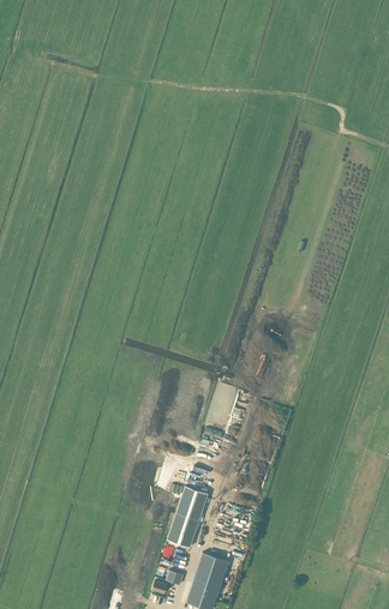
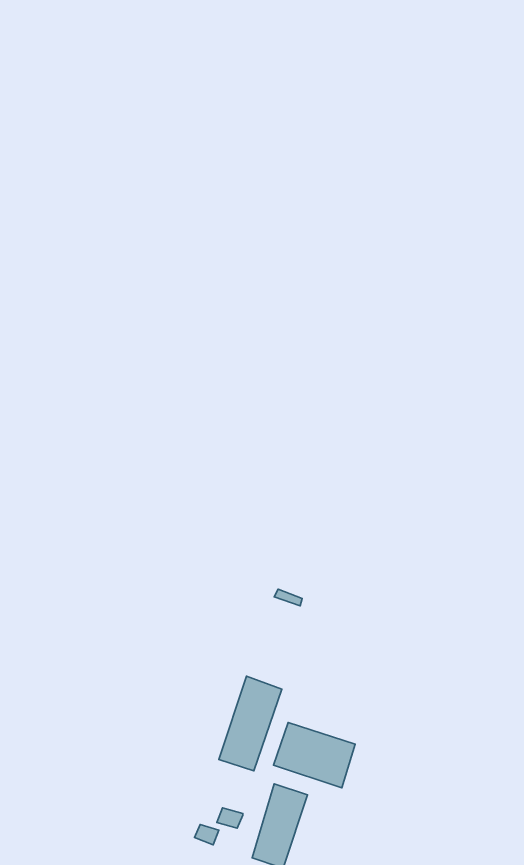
building: none -> [273,723,355,788]

